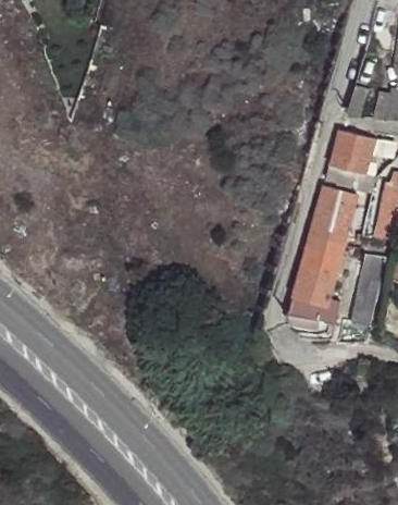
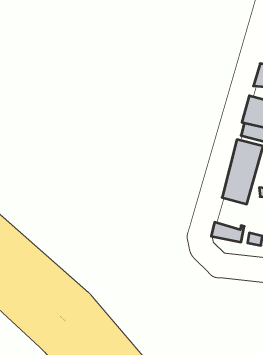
building: [294,262,336,305] -> none

